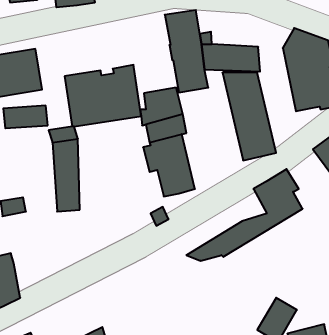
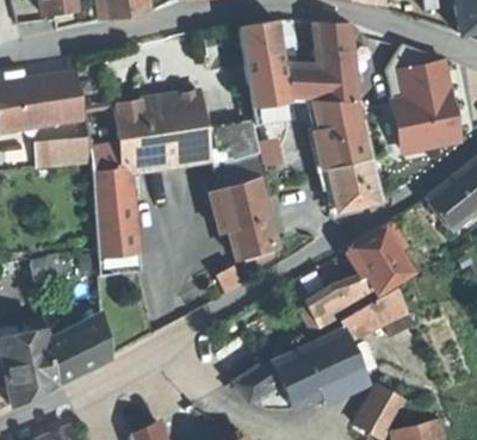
building: none -> [316,21,357,67]
building: none -> [234,286,408,405]
building: none -> [48,312,111,383]

